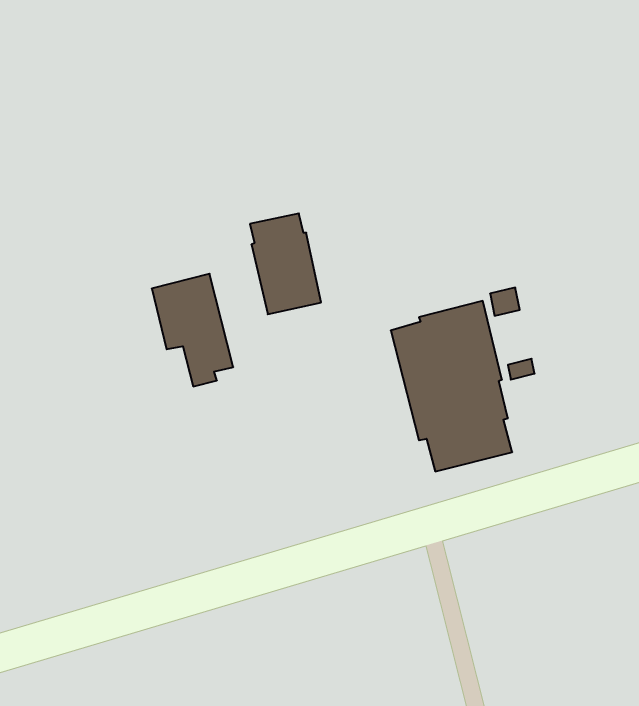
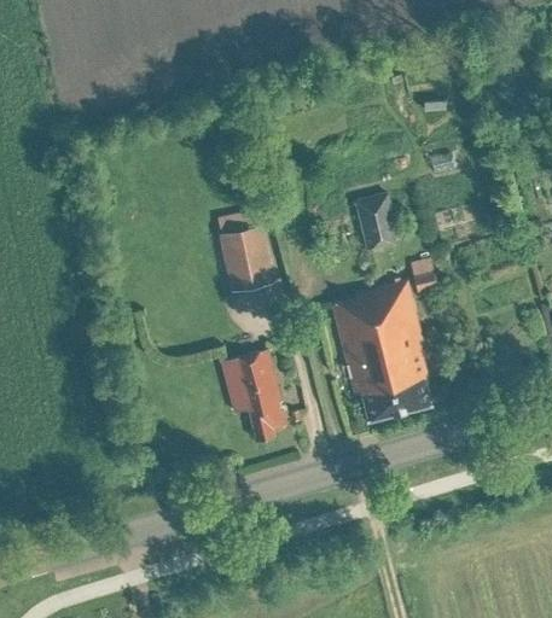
building: none -> [356,194,401,249]
building: [152,274,233,386] -> [222,349,289,441]

